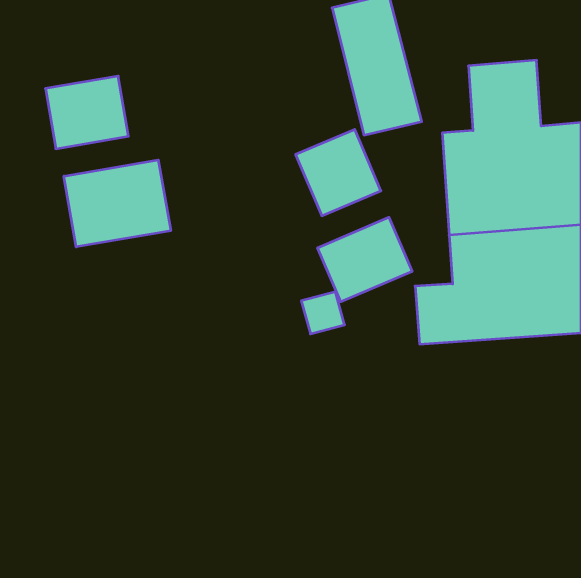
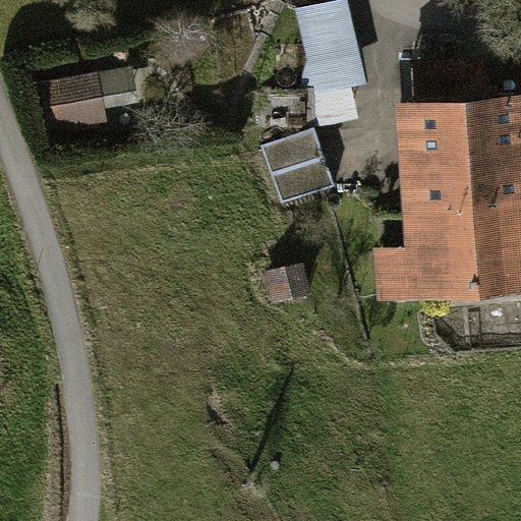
building: [64,160,171,247] -> none
building: [318,217,412,302] -> none

